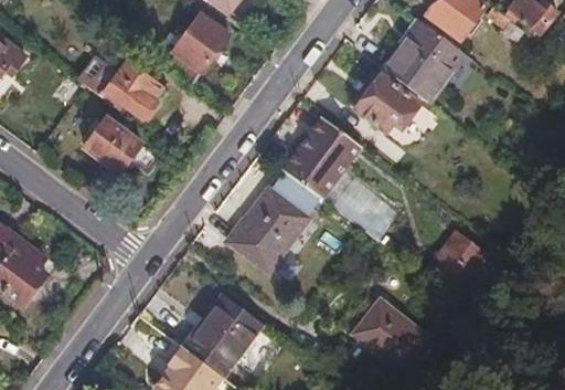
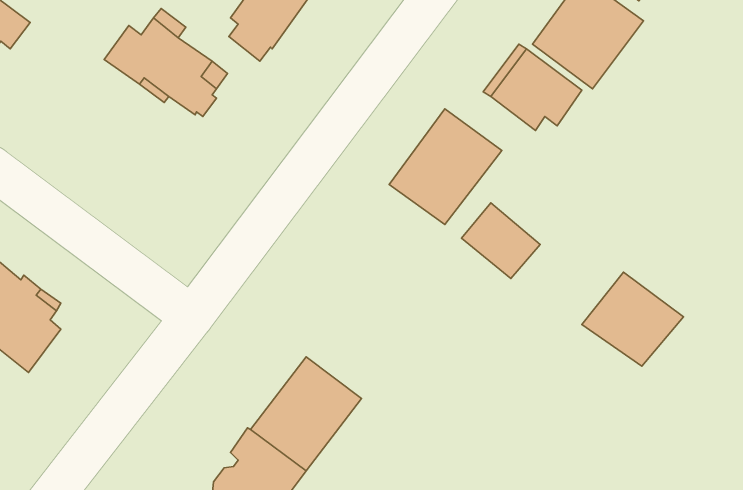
building: [85,118,141,173] -> none
building: [227,187,309,272] -> none
building: [352,299,434,375] -> none

